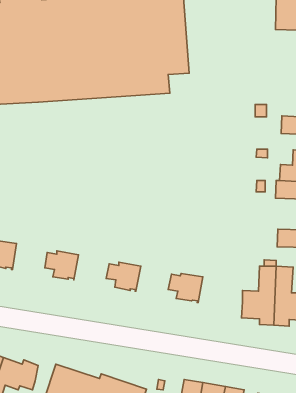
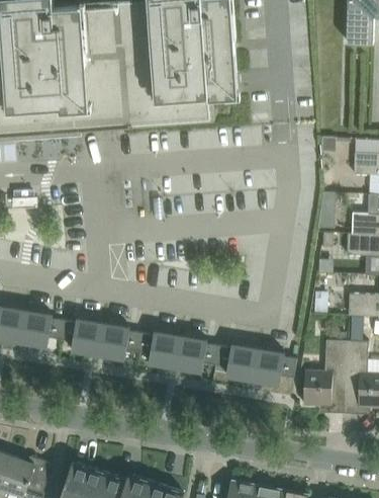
building: none -> [17,310,61,347]
building: none -> [94,324,138,360]
building: none -> [172,338,216,375]
building: none -> [250,351,294,389]

